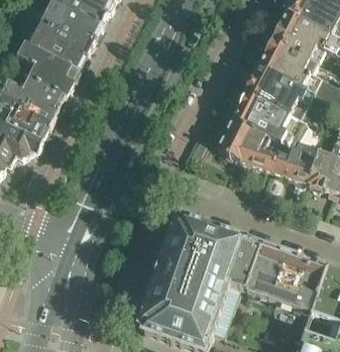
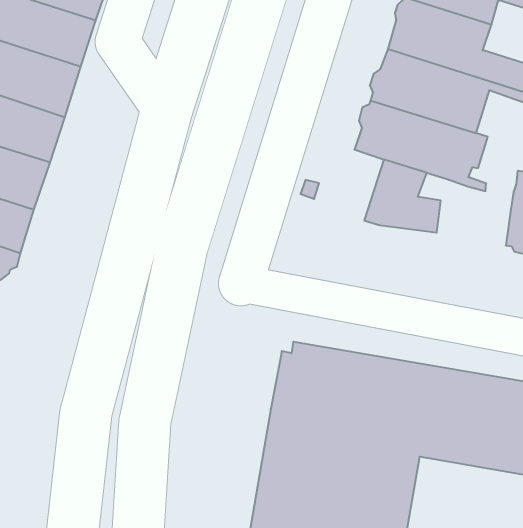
building: [216,117,247,157] -> none
building: [269,147,315,185] -> none

